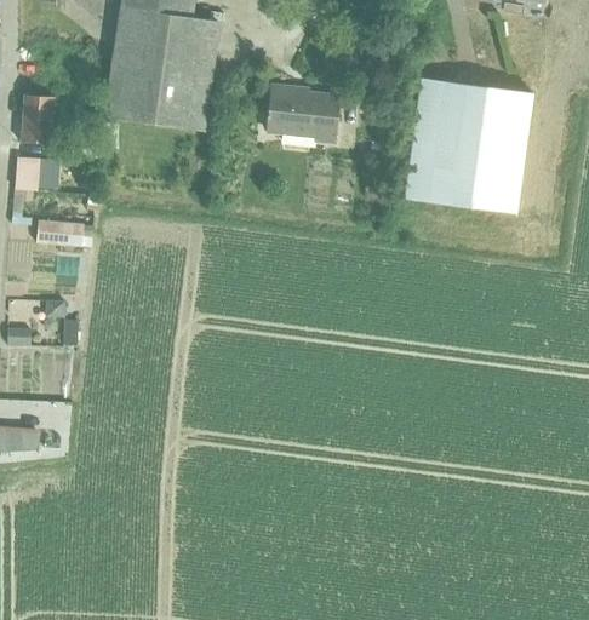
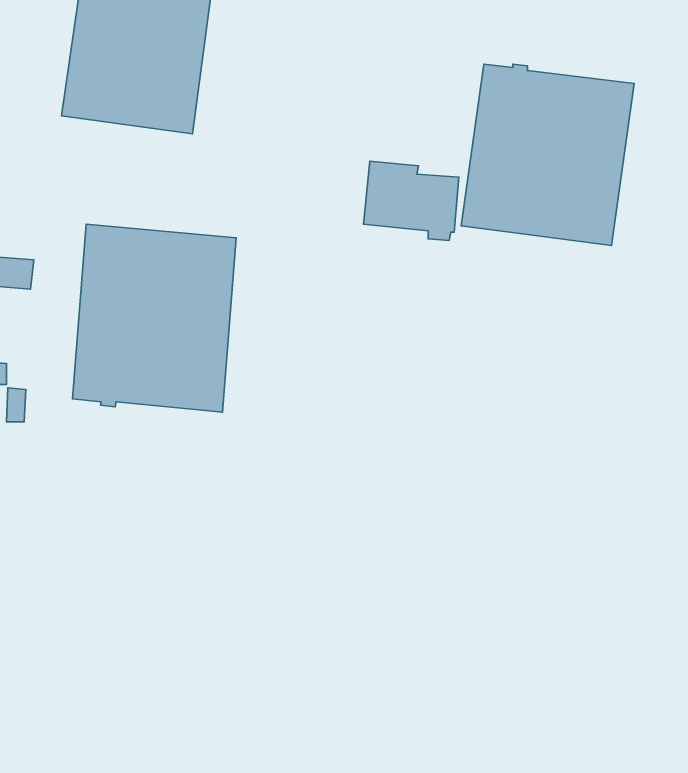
building: [267,84,338,143] -> [363,161,459,240]
building: none -> [72,224,236,412]

